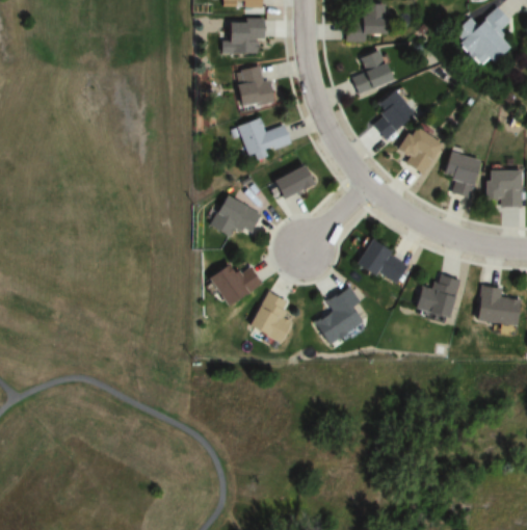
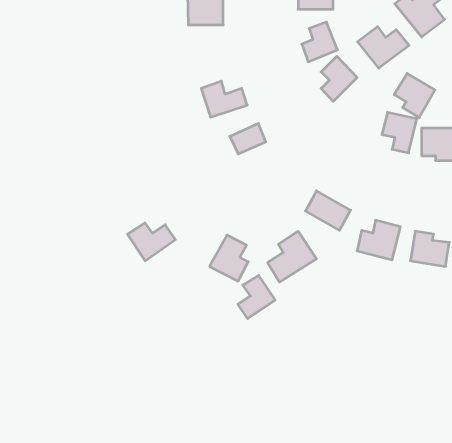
building: none -> [358,27,409,68]
building: [237,68,270,105] -> none
building: [398,125,444,175] -> [394,73,435,118]
building: [212,196,263,236] -> none
building: [209,264,263,307] -> [128,223,175,261]
building: none -> [238,275,275,319]

